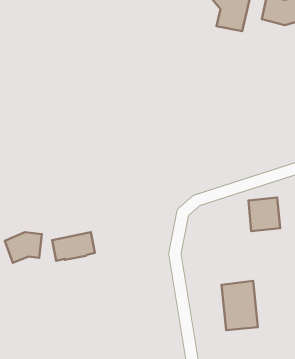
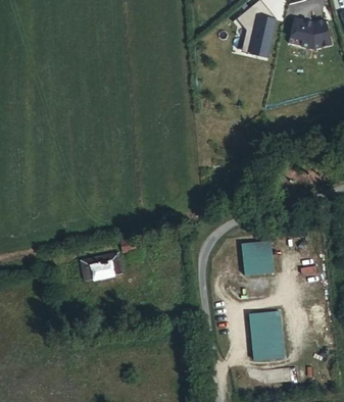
building: [248,197,280,231] -> [241,242,274,277]
building: [5,232,42,263] -> none

